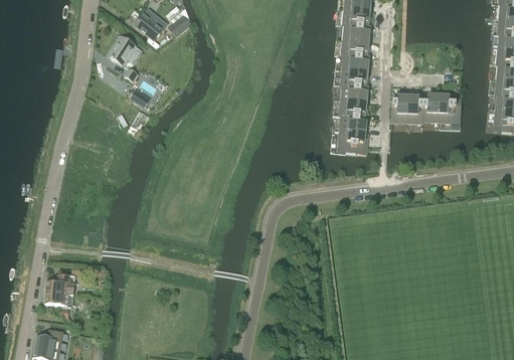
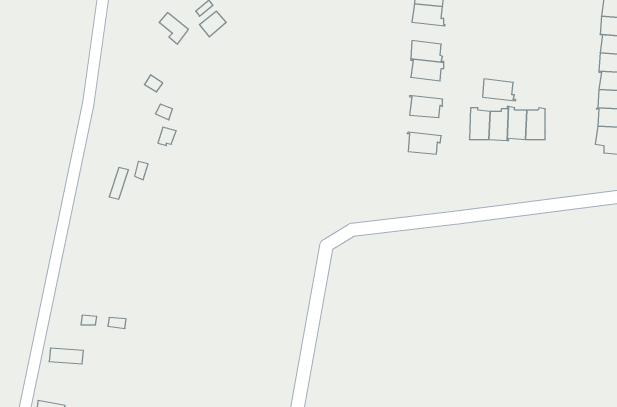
building: [343,23,370,41] -> none
building: [107,35,135,63] -> none
building: [341,68,368,86] -> [483,79,516,101]
building: [340,100,367,117] -> none
building: [338,130,364,153] -> none
building: [45,274,74,294] -> none

